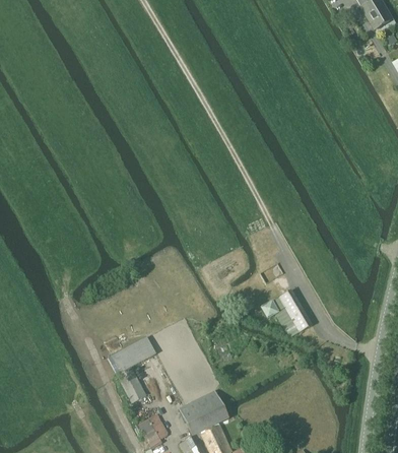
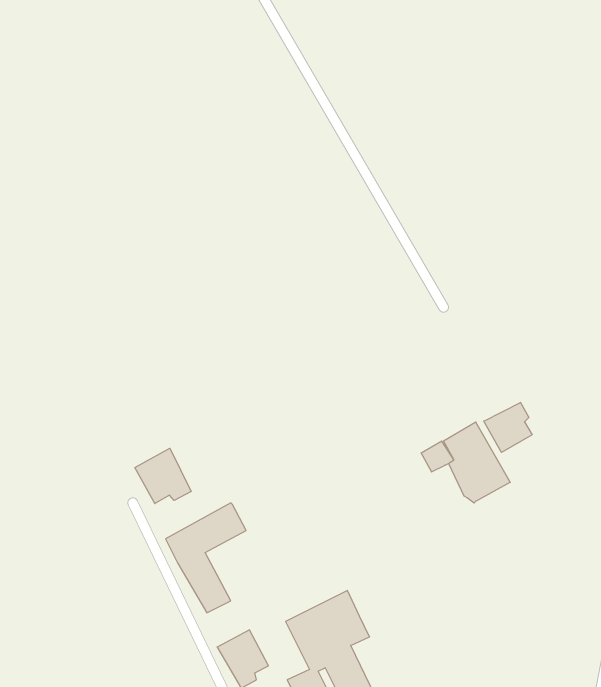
building: none -> [484,402,532,452]
building: none -> [135,448,191,504]

